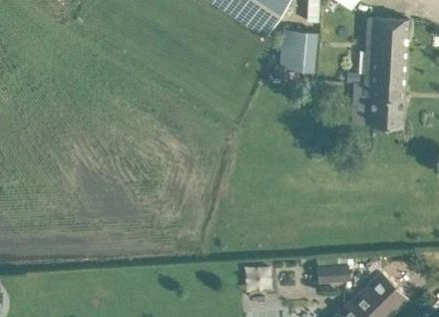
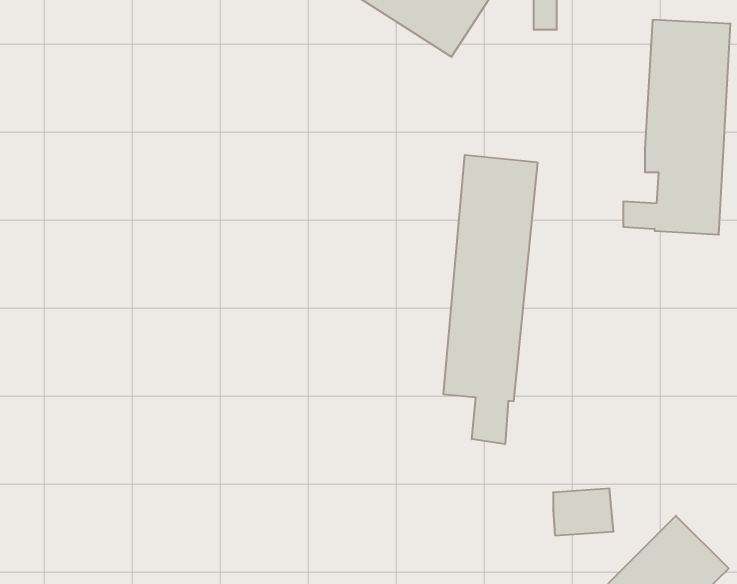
building: [278,31,316,75] -> none
building: none -> [444,155,537,444]

